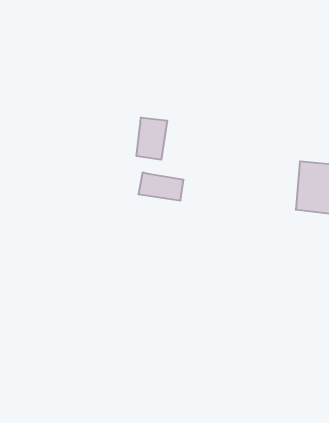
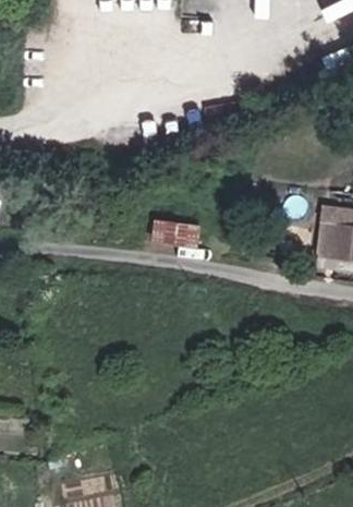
building: [136,117,167,160] -> none

